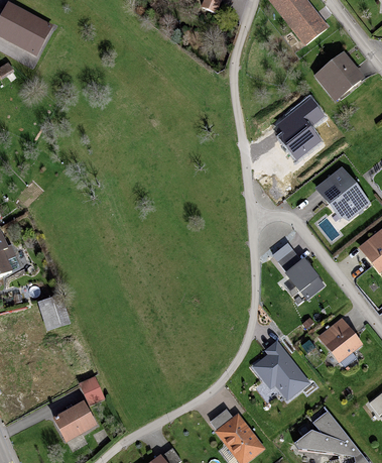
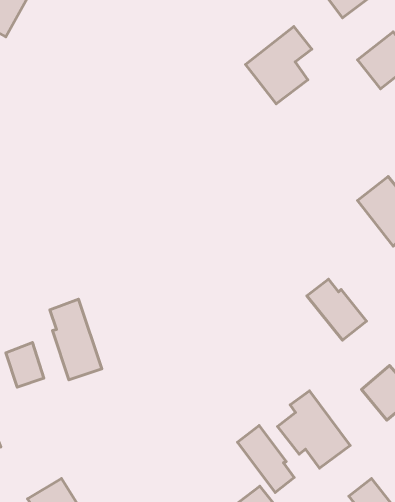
building: [272,96,325,157] -> [246,26,312,104]
building: none -> [50,299,102,380]
building: none -> [238,426,294,492]
building: [80,380,104,408] -> none

